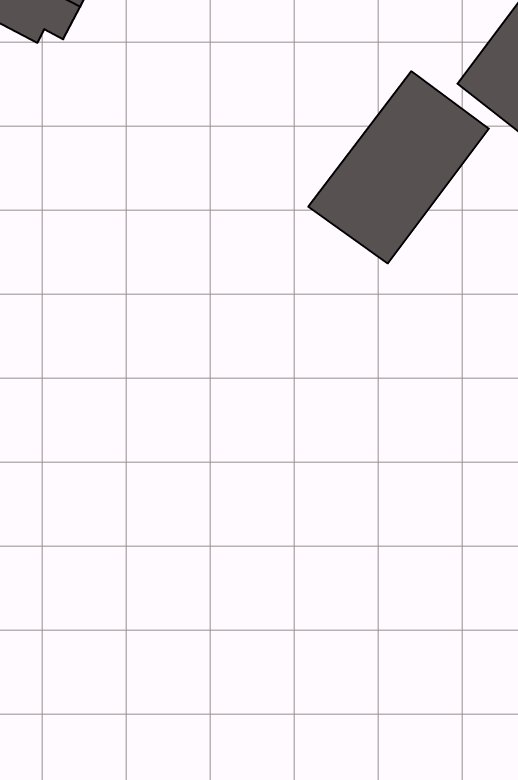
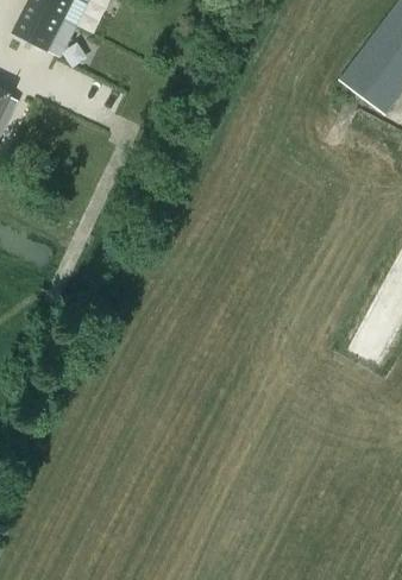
building: [308,71,489,263] -> none

